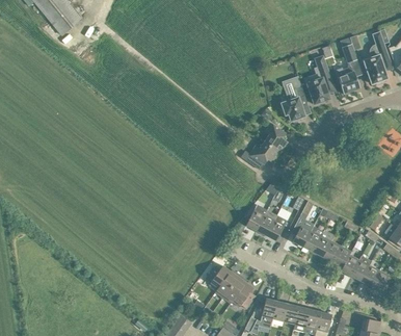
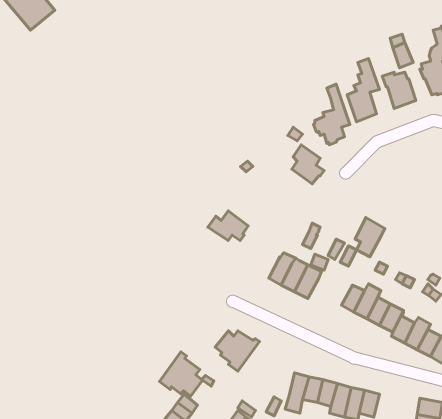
building: [248,141,279,164] -> [208,211,248,241]
building: [291,216,314,247] -> [355,218,385,257]
building: [222,275,256,309] -> [159,352,202,396]

